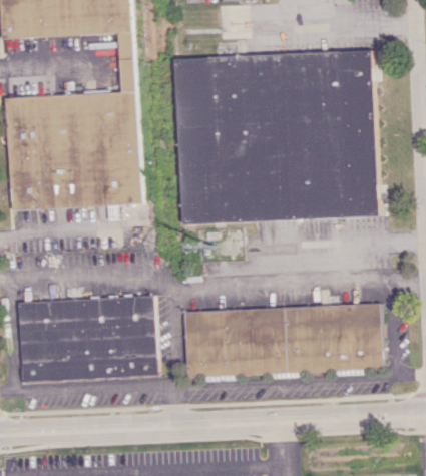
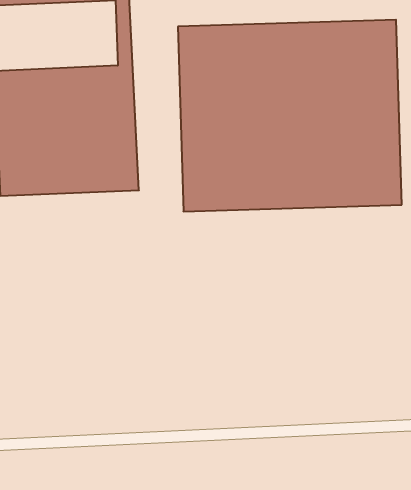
building: [21,296,156,381] -> none
building: [182,304,381,376] -> none

